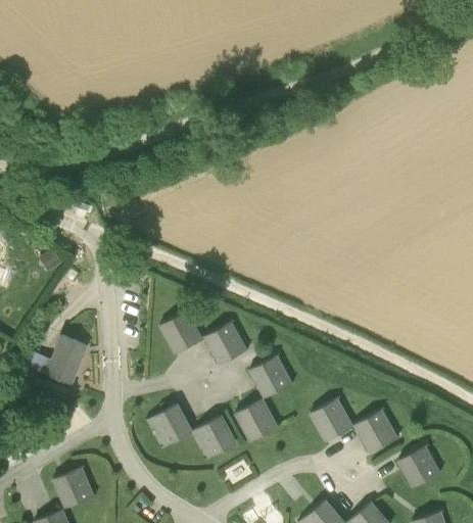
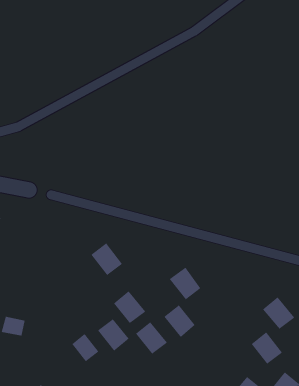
building: [206,323,244,363] -> [113,291,146,324]
building: [48,334,88,384] -> none
building: [313,399,349,439] -> [251,331,283,365]
building: none -> [71,333,99,362]

